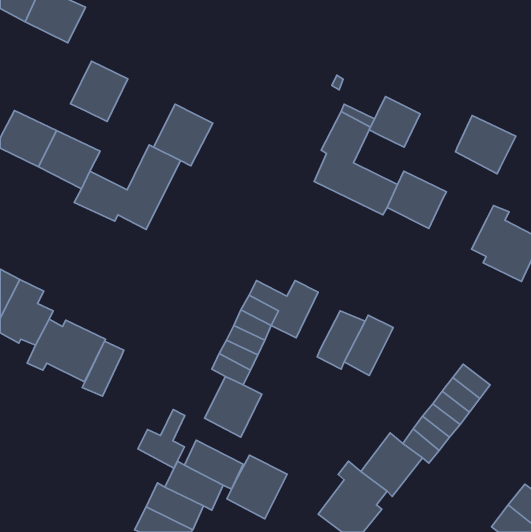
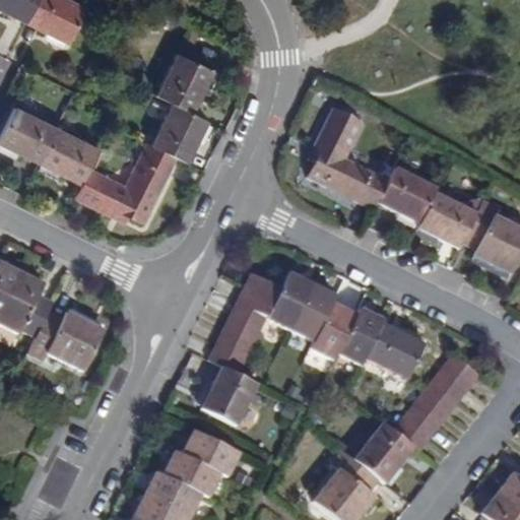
building: [71,61,128,122] -> [157,53,213,112]
building: [369,97,420,147] -> none
building: [455,115,516,174] -> [417,192,476,249]
building: none -> [290,284,335,340]
building: none -> [366,323,425,378]
building: [82,341,124,396] -> none
building: [138,410,185,468] -> none
building: [227,455,287,519] -> none

